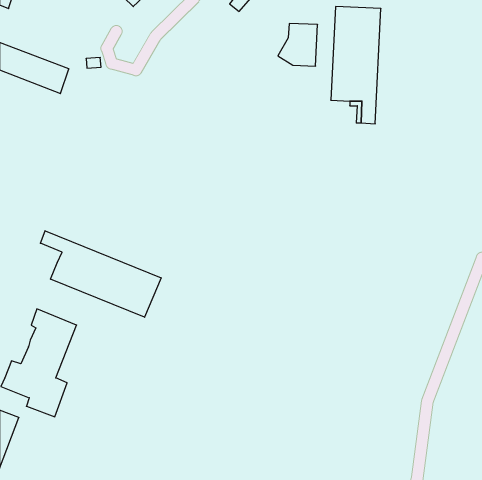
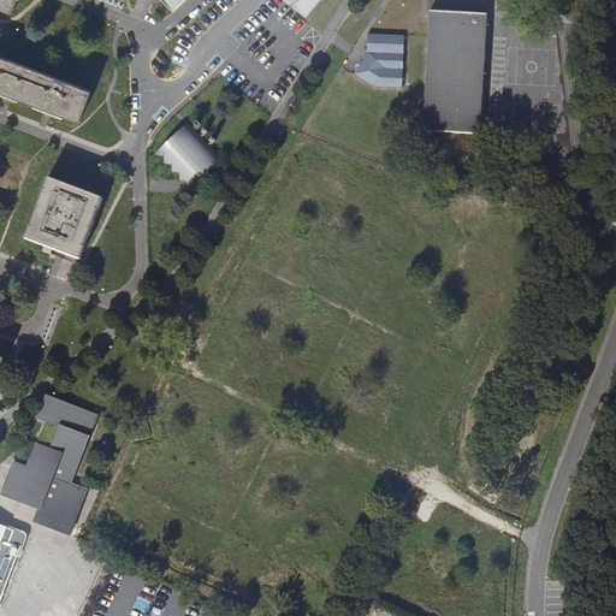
building: none -> [155,120,220,185]
building: none -> [24,176,100,256]
building: [40,231,161,317] -> none

